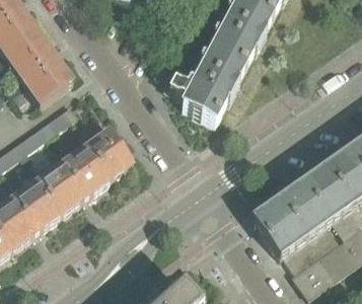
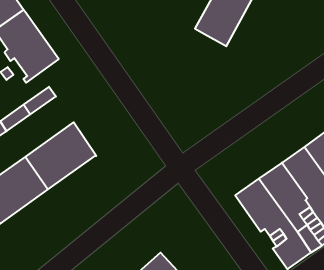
building: [162,46,244,121] -> none
building: [82,122,133,176] -> none

